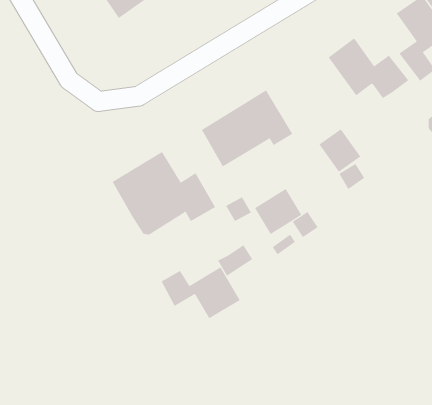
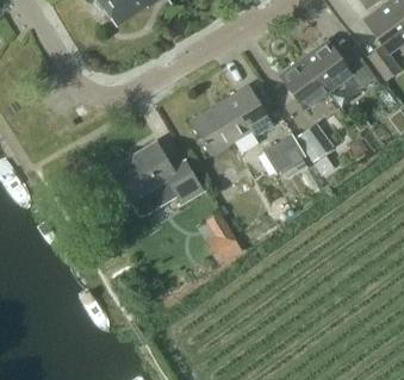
building: none -> [279,58,328,110]
building: [254,188,302,235] -> [261,131,304,173]
building: [161,266,240,319] -> none

